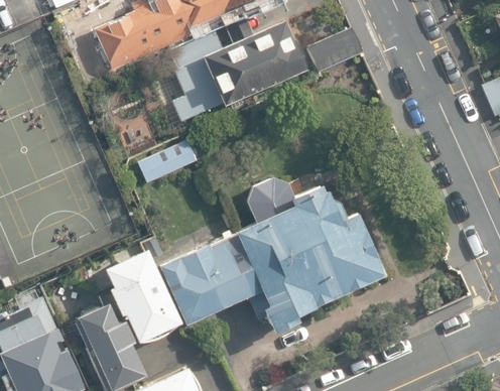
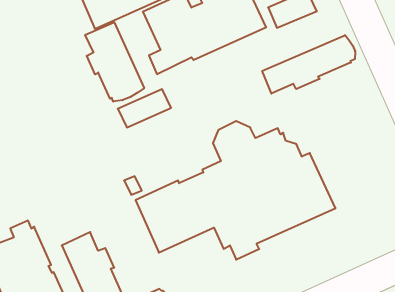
building: none -> [85,22,144,102]
building: none -> [262,35,355,94]
building: [103,249,180,344] -> none

